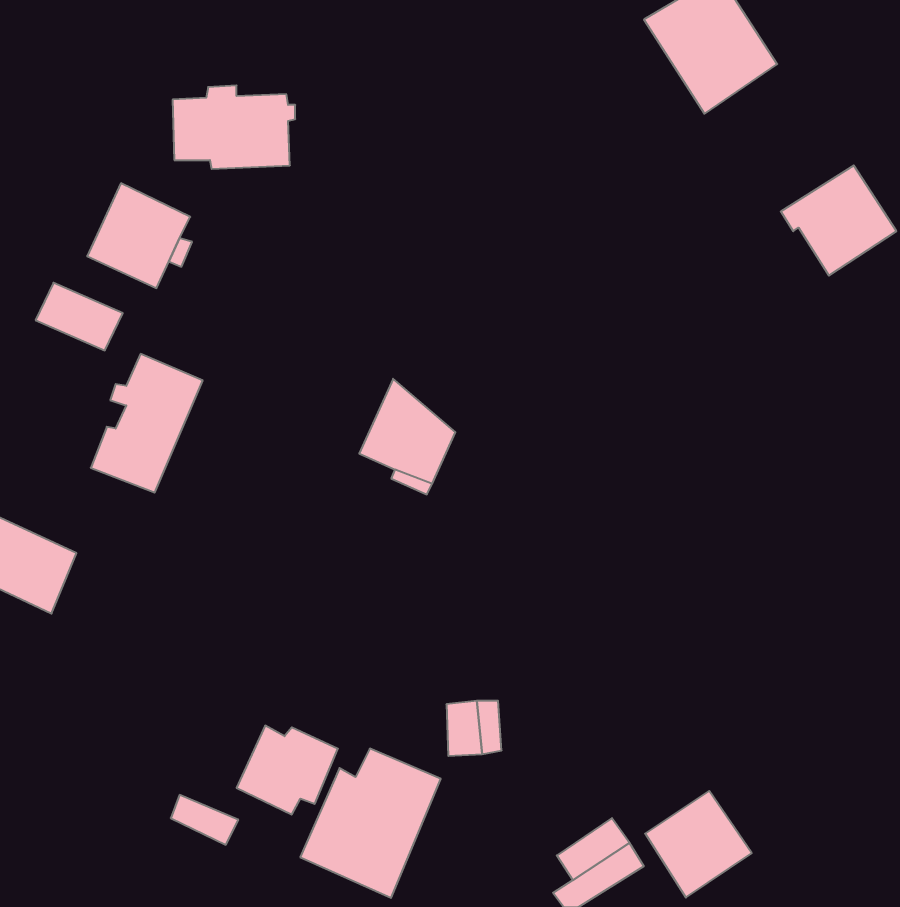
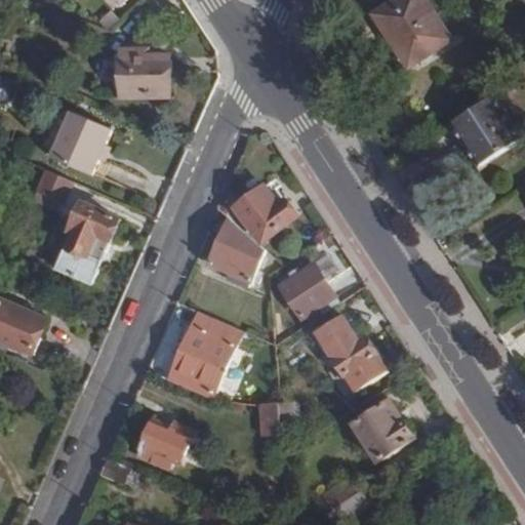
building: none -> [231,185,291,239]
building: none -> [279,258,331,318]
building: none -> [315,317,385,390]
building: [300,749,441,898] -> [159,314,240,400]
building: [645,791,752,898] -> [353,400,414,461]

